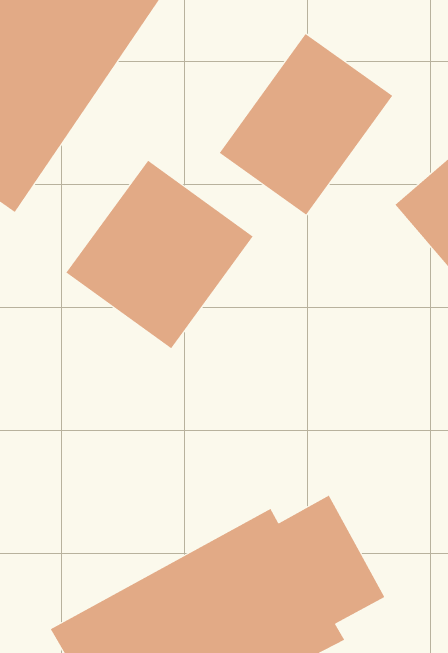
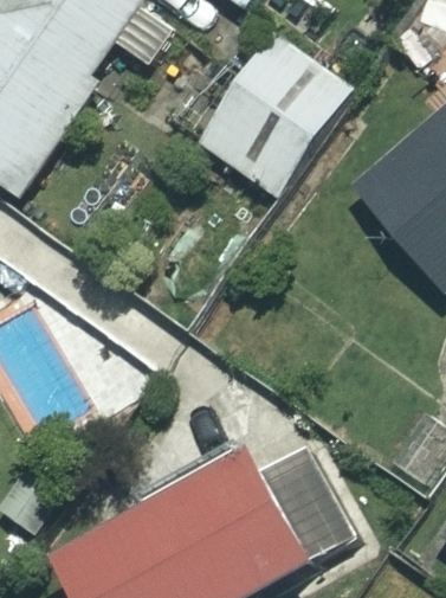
building: [66,160,254,349] -> none

